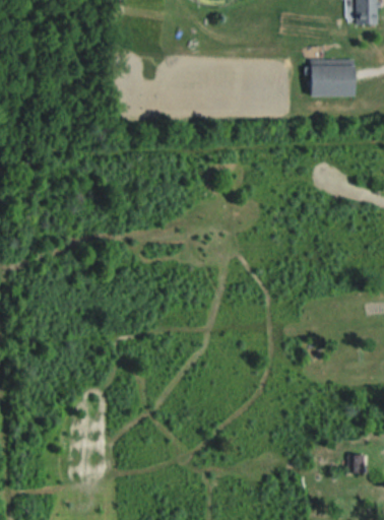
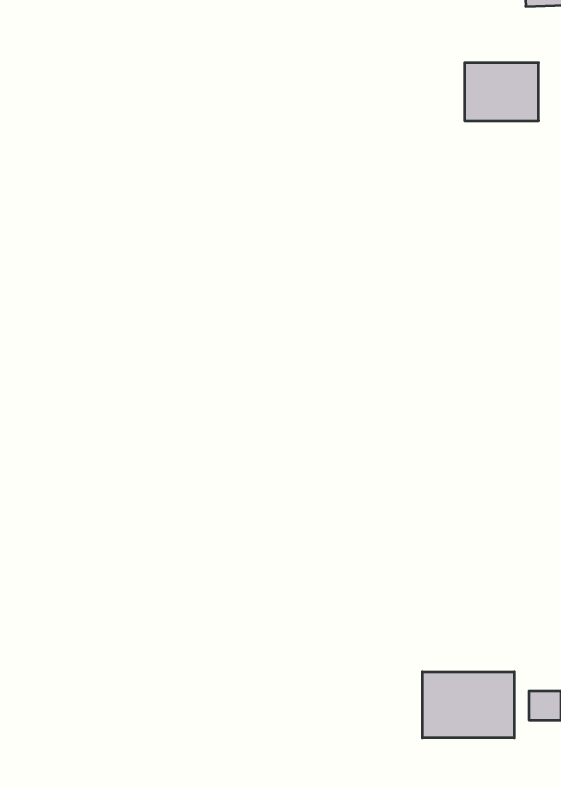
building: none -> [422,672,514,738]

